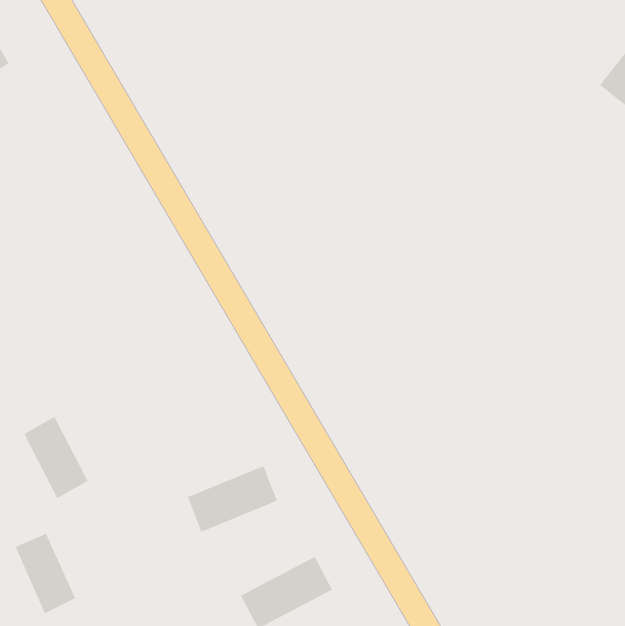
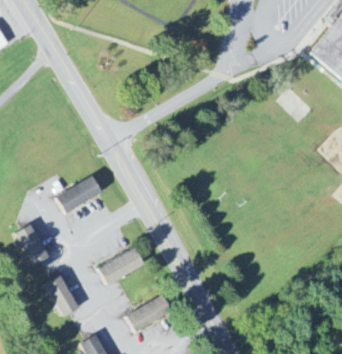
building: none -> [56,174,103,213]
building: [15,533,76,614] -> [47,275,78,316]

